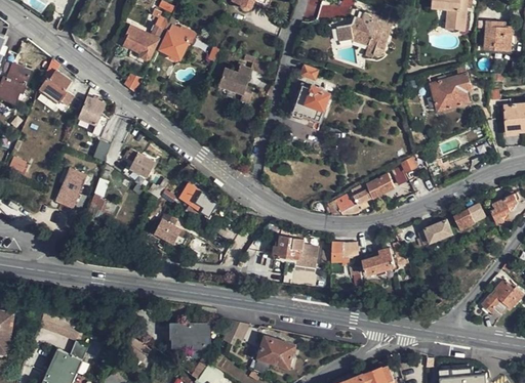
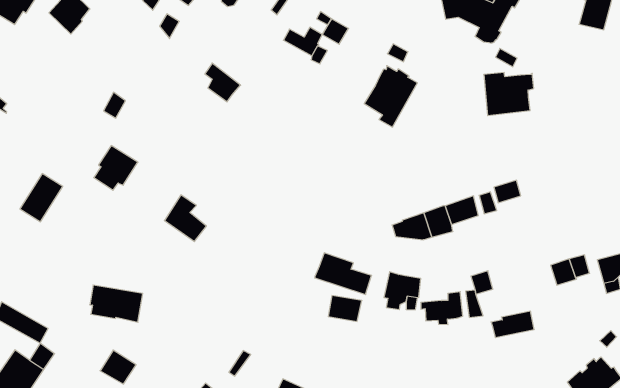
building: [429,74,469,112] -> [484,73,534,116]
building: [77,96,109,137] -> none
building: [125,150,154,177] -> [205,63,241,102]
building: [56,167,86,204] -> [20,174,63,222]
building: [184,183,216,216] -> none
building: [417,220,451,245] -> [491,311,534,338]
building: [169,324,208,346] -> [90,285,143,322]

